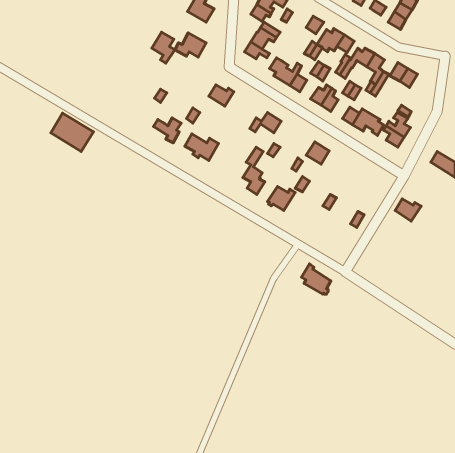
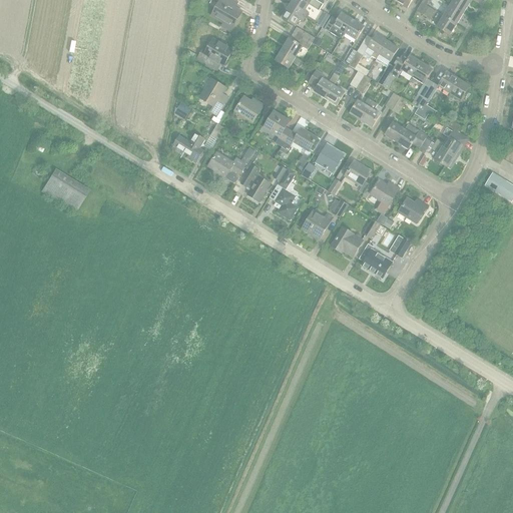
building: none -> [324,11,352,37]
building: [152,32,175,63] -> [199,78,225,113]
building: none -> [263,109,288,144]
building: [51,113,94,151] -> [40,167,88,210]
building: none -> [314,142,342,170]
building: none -> [239,162,270,199]
building: none -> [370,179,398,203]
building: [395,199,421,221] -> [398,196,427,221]
building: none -> [331,225,362,254]
building: [301,264,331,294] -> [358,241,391,276]

